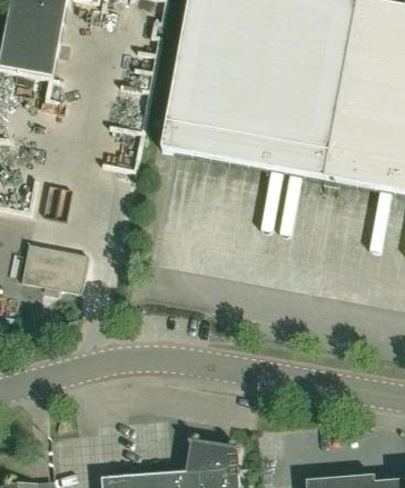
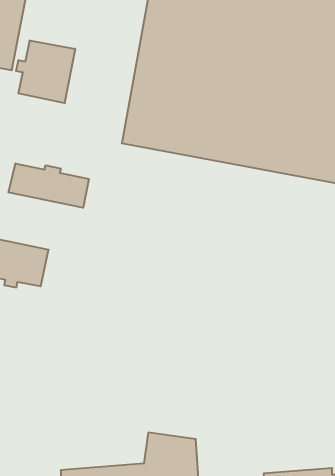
building: none -> [16,40,75,103]
building: none -> [8,163,89,208]

